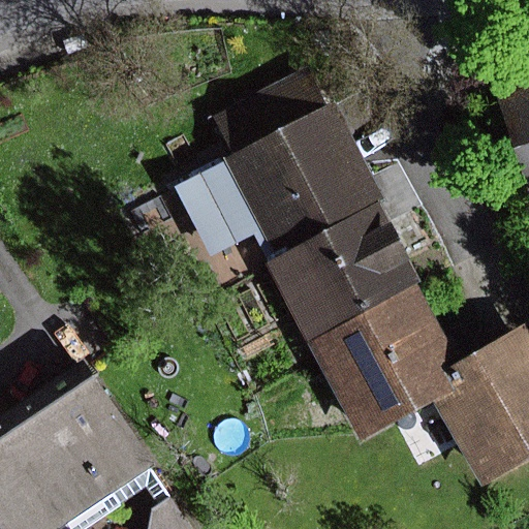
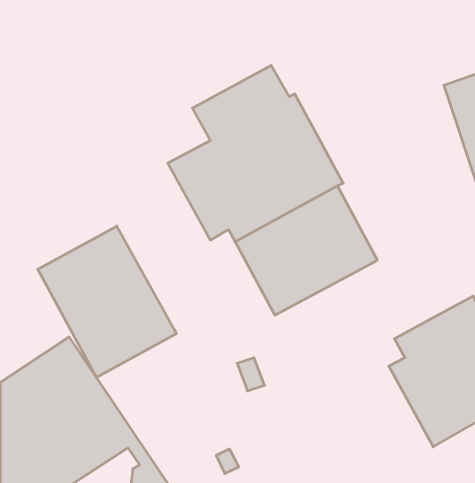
building: none -> [38,226,176,378]
building: [310,287,463,440] -> none

